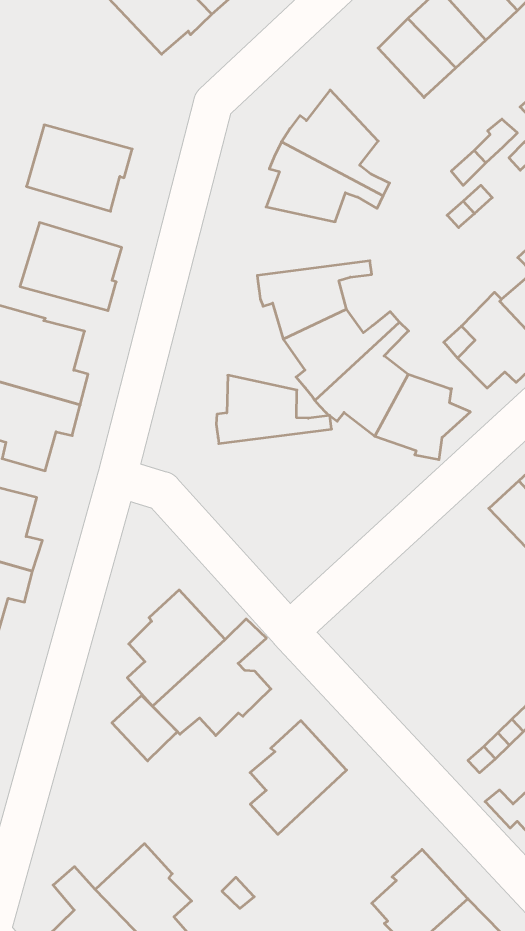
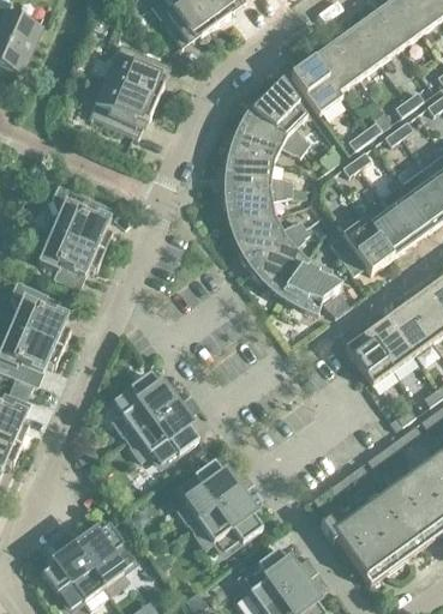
building: none -> [289,59,341,113]
building: [20,223,122,311] -> [103,42,168,101]
building: [216,375,332,444] -> [221,146,291,187]
building: [112,695,178,761] -> none
building: none -> [190,494,261,550]

